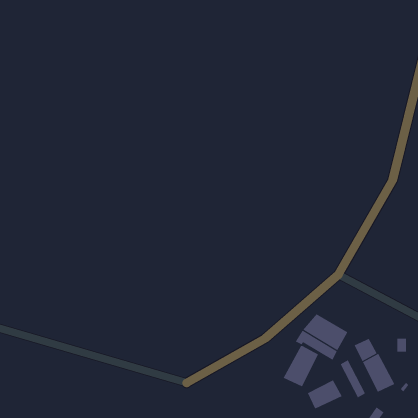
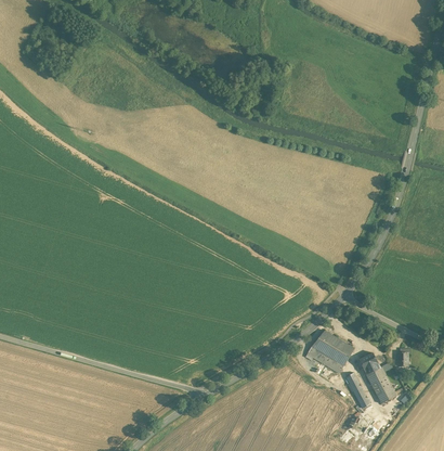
building: [283,345,319,387] -> none
building: [307,379,343,409] -> none

